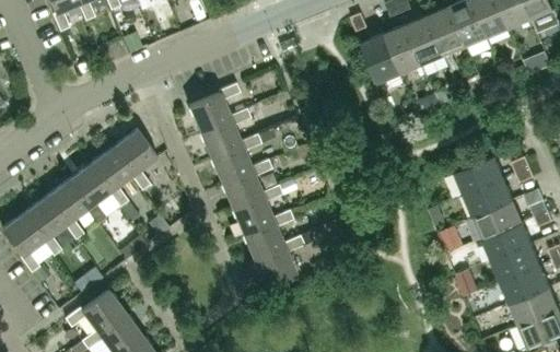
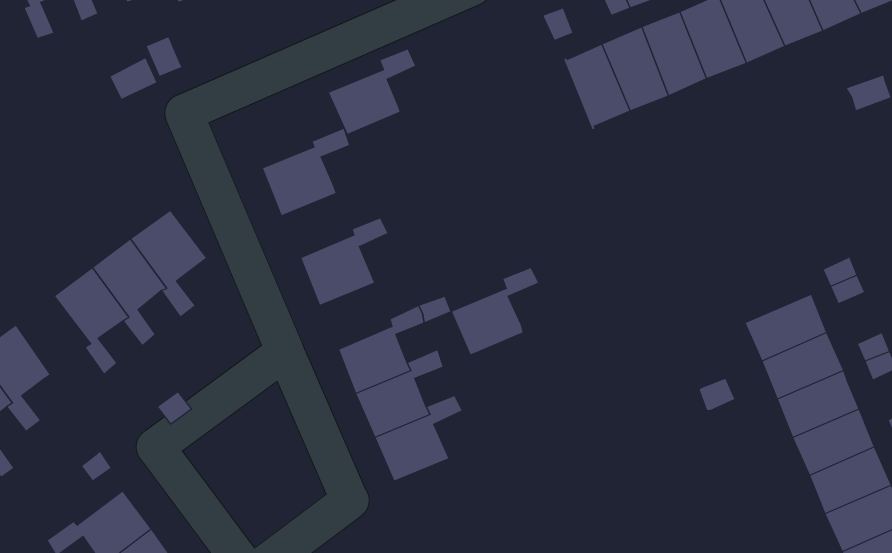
building: [200,108,250,157] -> [328,49,416,135]
building: [456,155,504,195] -> none
building: [222,160,272,210] -> [451,267,539,355]
building: [48,179,91,240] -> none

